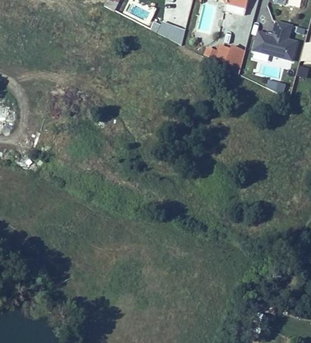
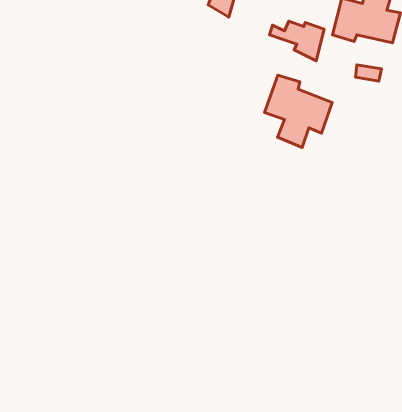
building: none -> [264,75,332,147]

